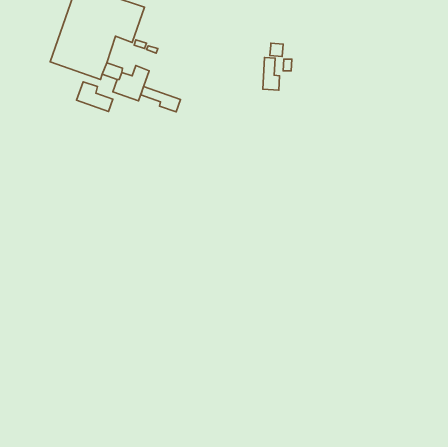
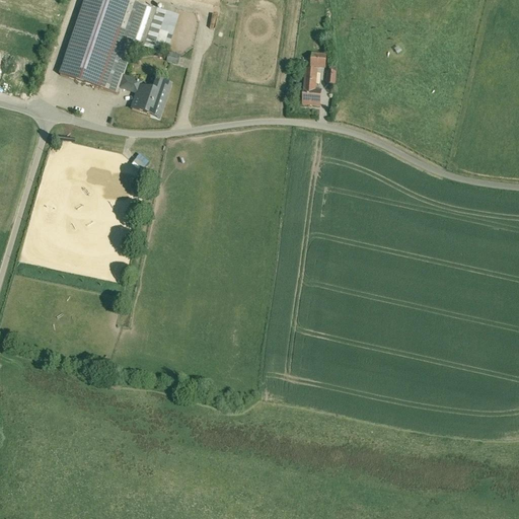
building: [77,82,113,112] -> none
building: [141,86,180,112] -> none

